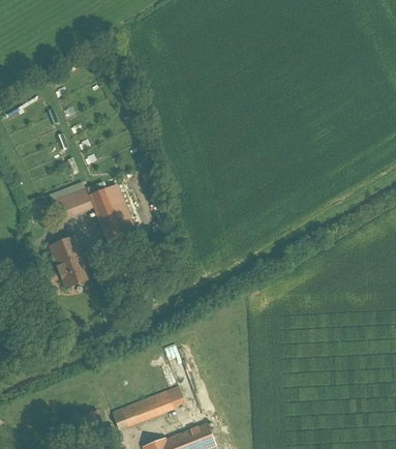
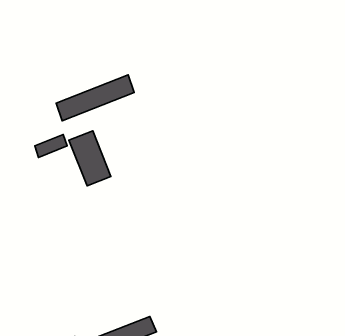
building: none -> [56,75,134,121]
building: [50,236,91,288] -> none

